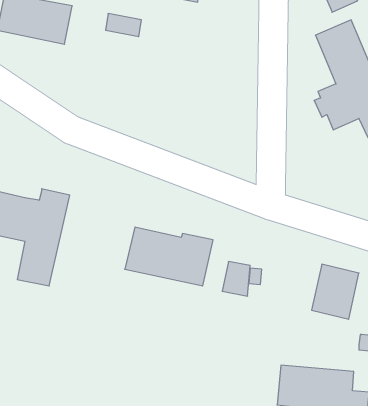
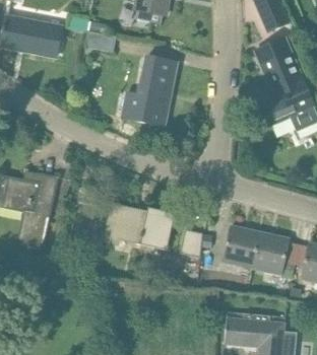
building: none -> [122,57,177,126]
building: none -> [224,225,260,268]

